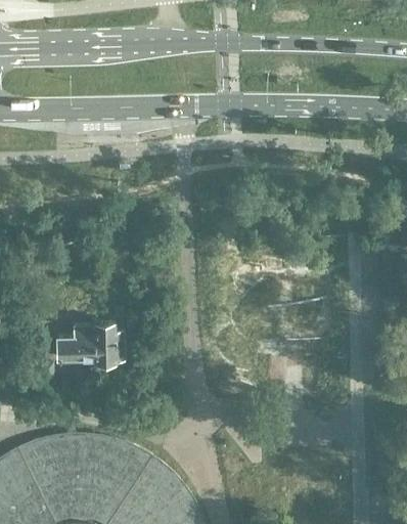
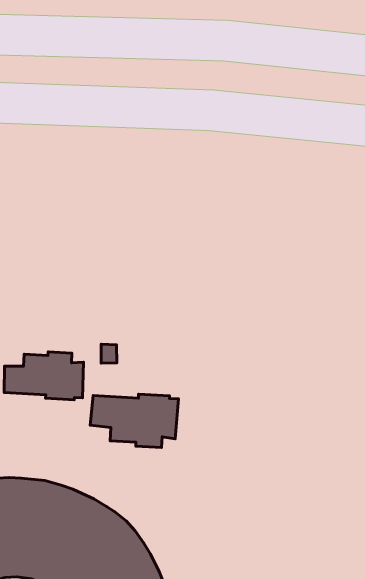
building: none -> [90,394,179,448]

